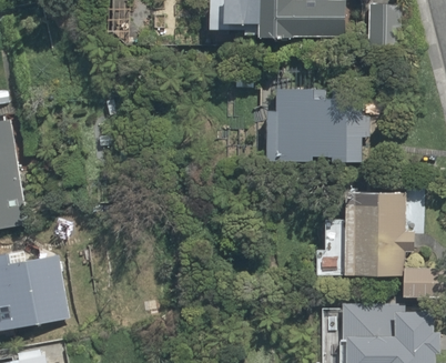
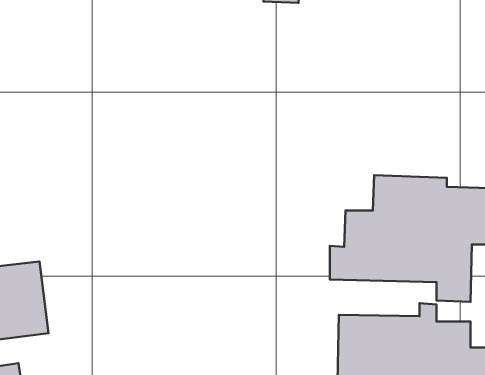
building: [265,88,364,162] -> none

